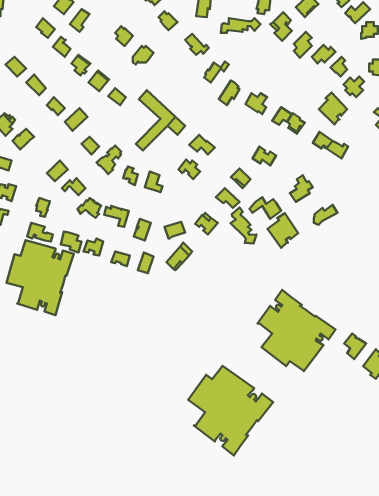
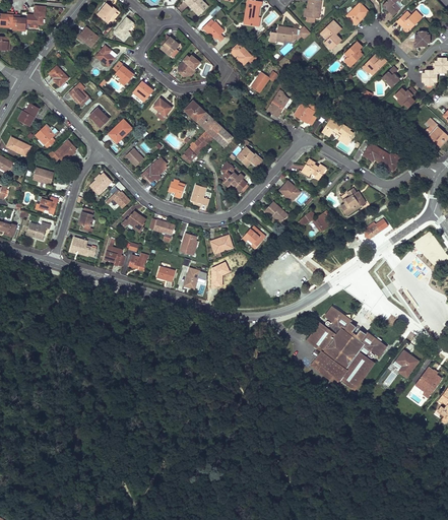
building: [319,93,347,125] -> none
building: [230,207,256,244] -> none
building: [268,213,298,248] -> none
building: [6,240,74,315] -> none
building: [188,366,273,455] -> none

